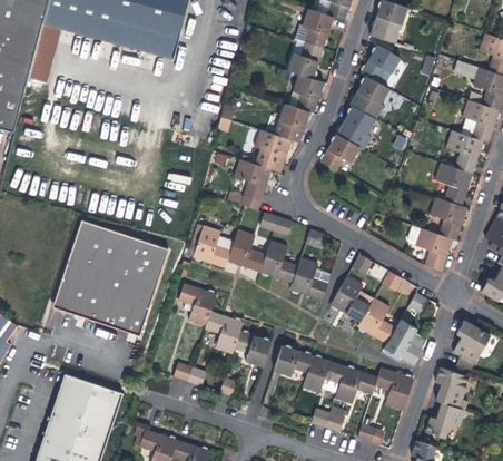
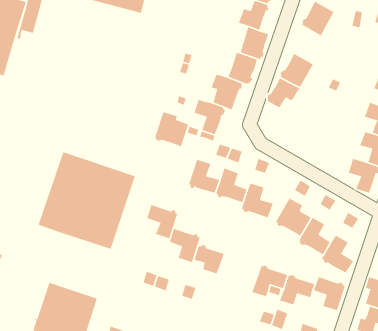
building: [349,75,389,118] -> none
building: [194,225,235,267] -> [154,111,189,147]
building: [275,345,314,375] -> none

